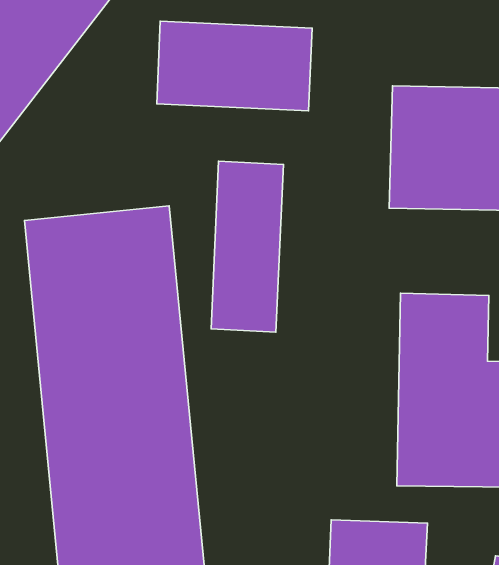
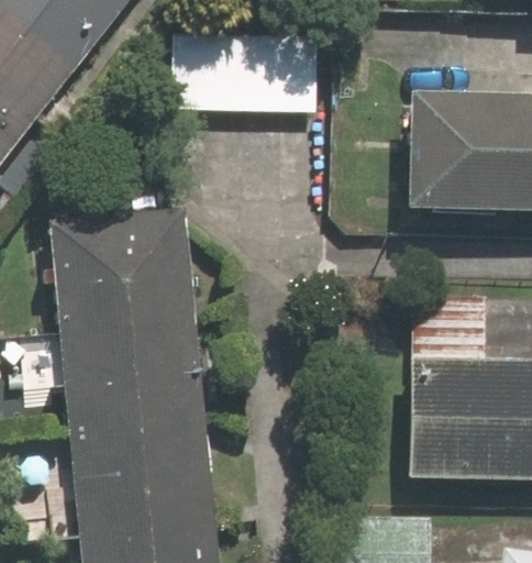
building: [211,161,283,332] -> none

